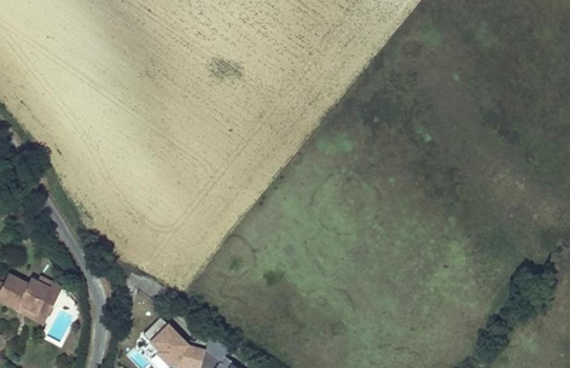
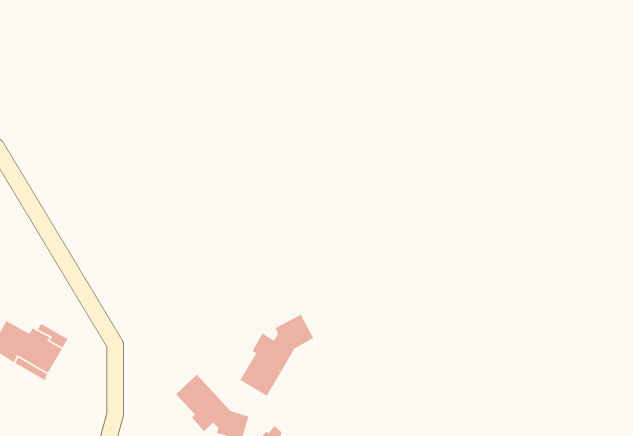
building: none -> [239,314,314,397]

